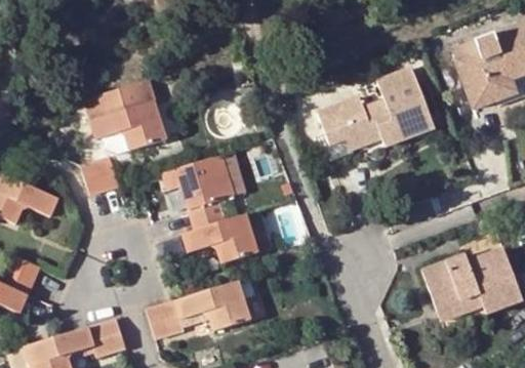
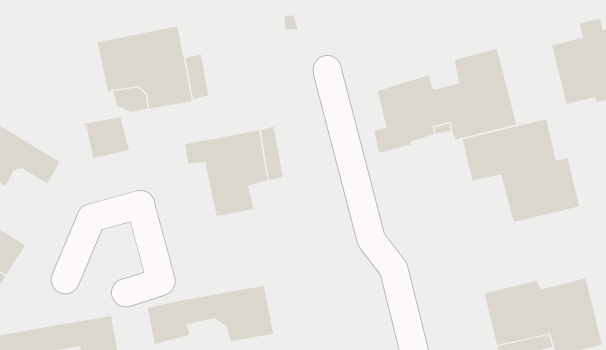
building: none -> [462,118,580,223]
building: [183,213,259,263] -> none

